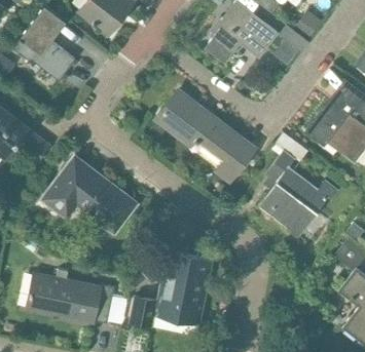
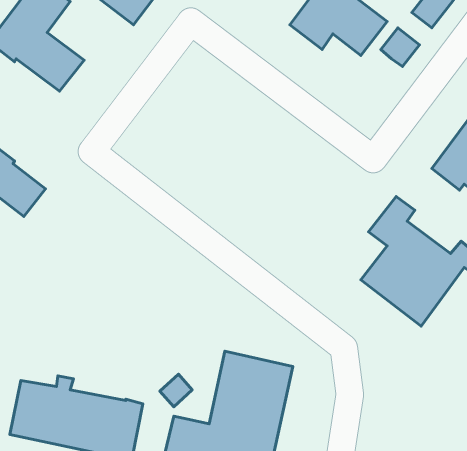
building: [158,91,255,181] -> none
building: [44,158,137,232] -> none

